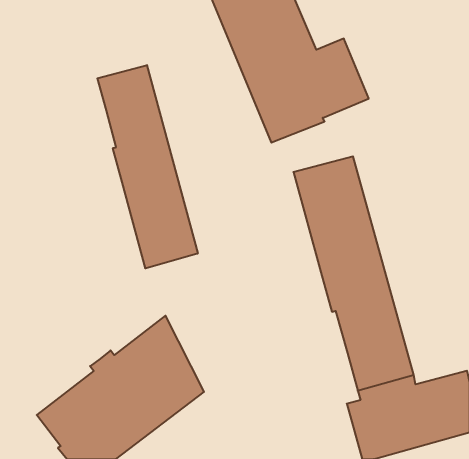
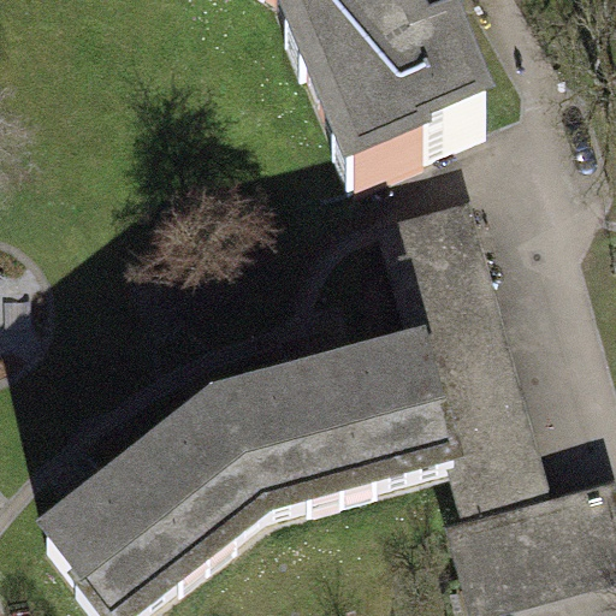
building: [97,65,198,268] -> none
building: none -> [218,356,456,513]

